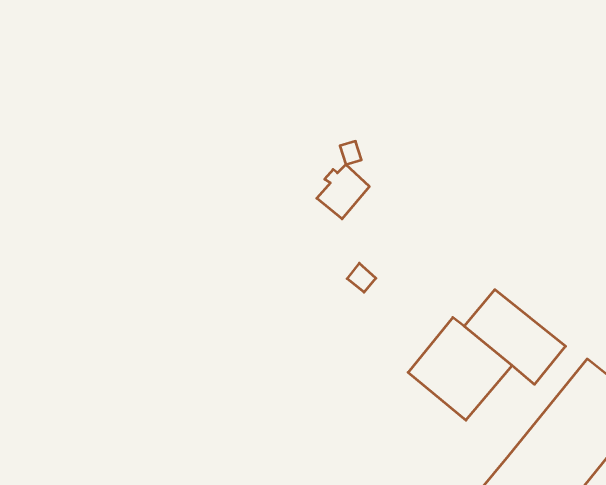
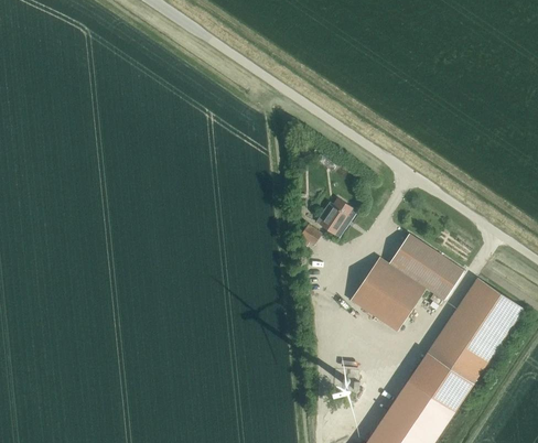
building: [317,165,369,219] -> [318,197,355,237]

